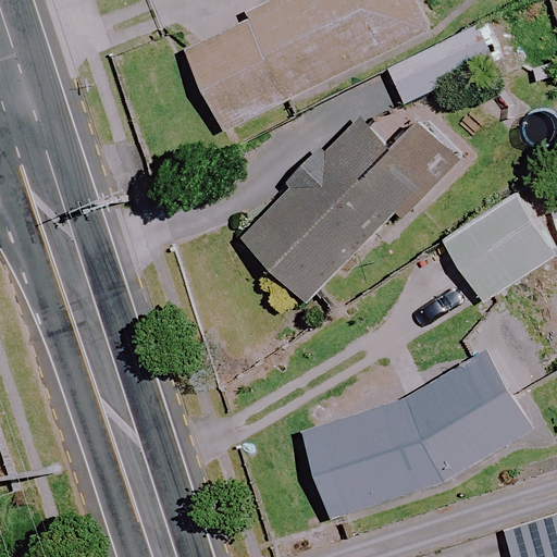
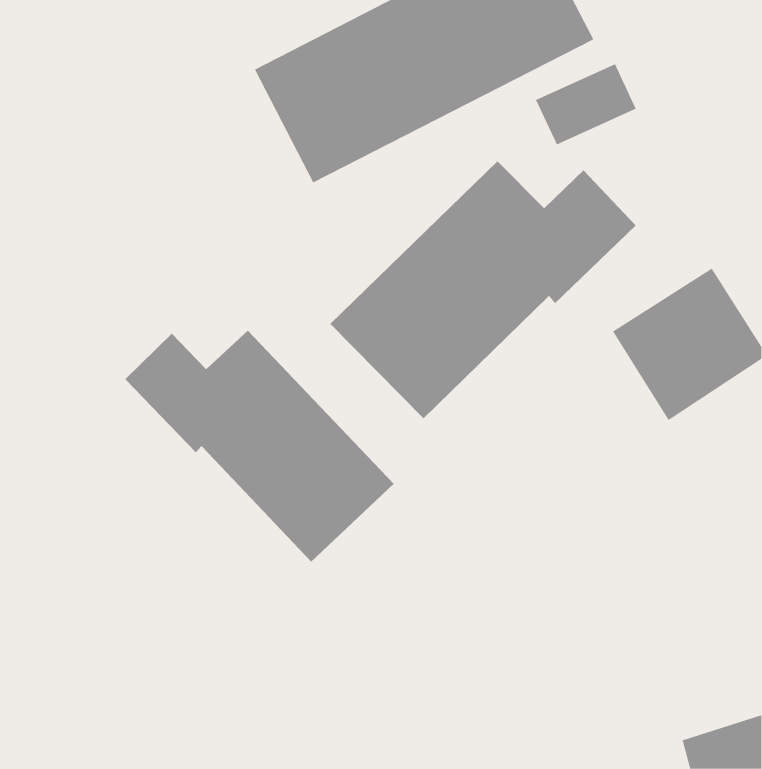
building: none -> [125,330,395,563]
building: [300,354,532,516] -> none

